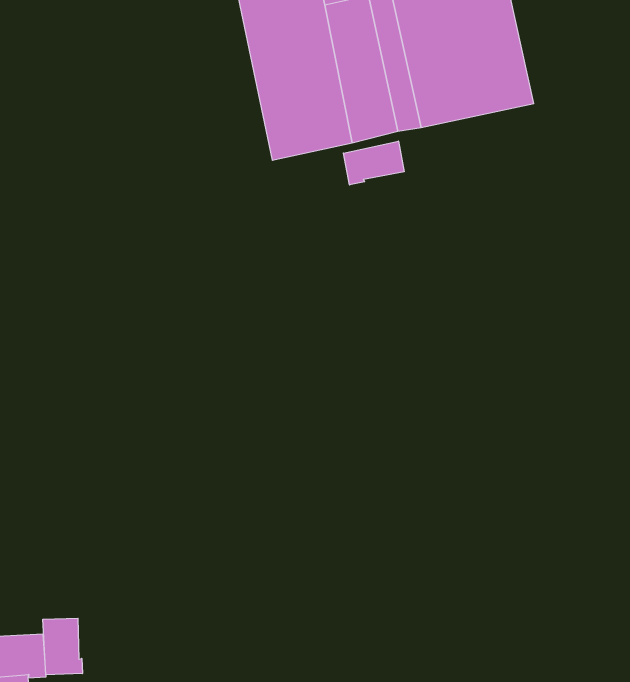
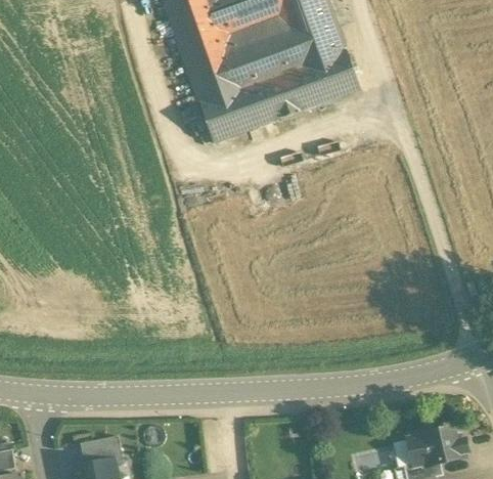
building: [343,141,404,185] -> none
building: [43,618,82,675] -> none

